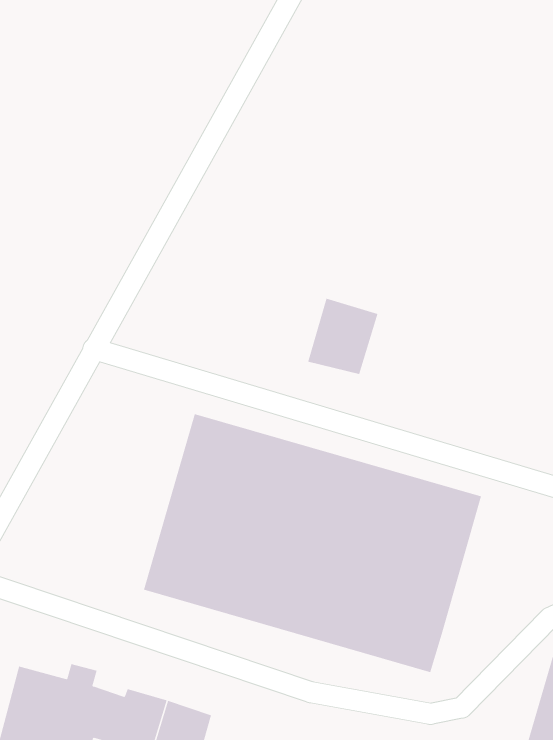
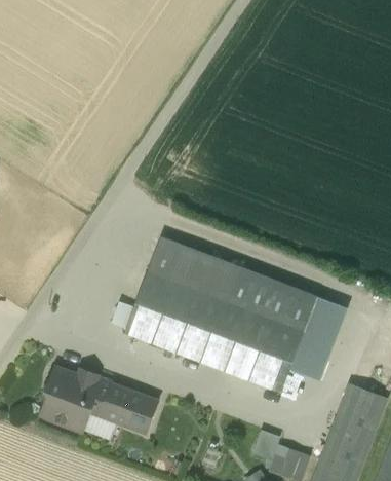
building: [308,298,378,375] -> none
building: none -> [288,296,348,381]

